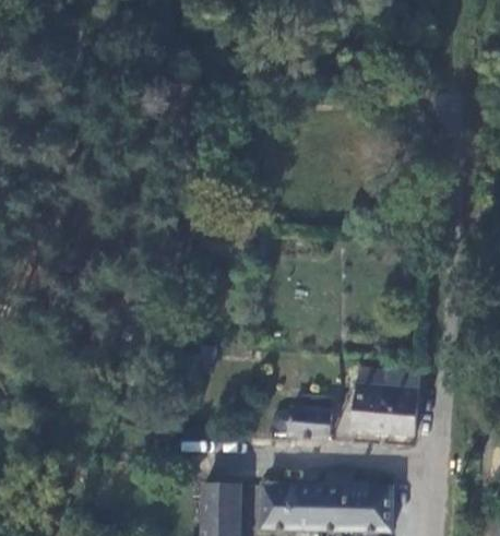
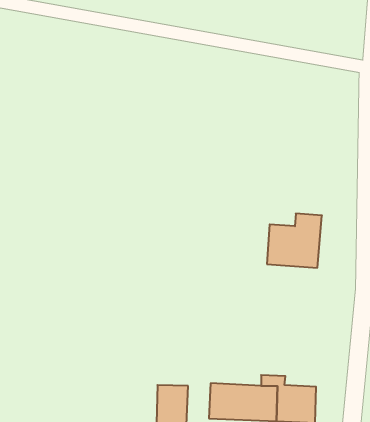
building: [352,373,418,439] -> [267,214,322,268]
building: [274,410,331,440] -> none

